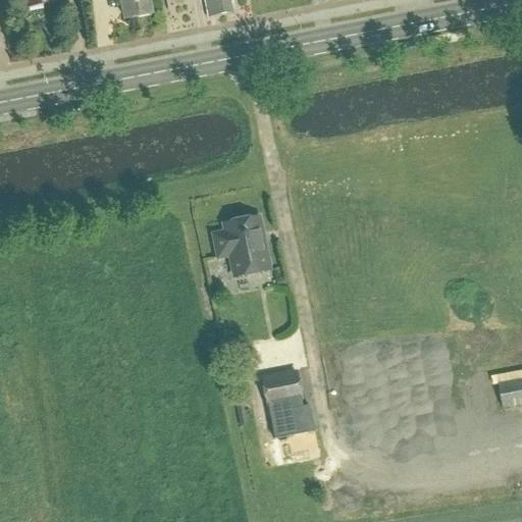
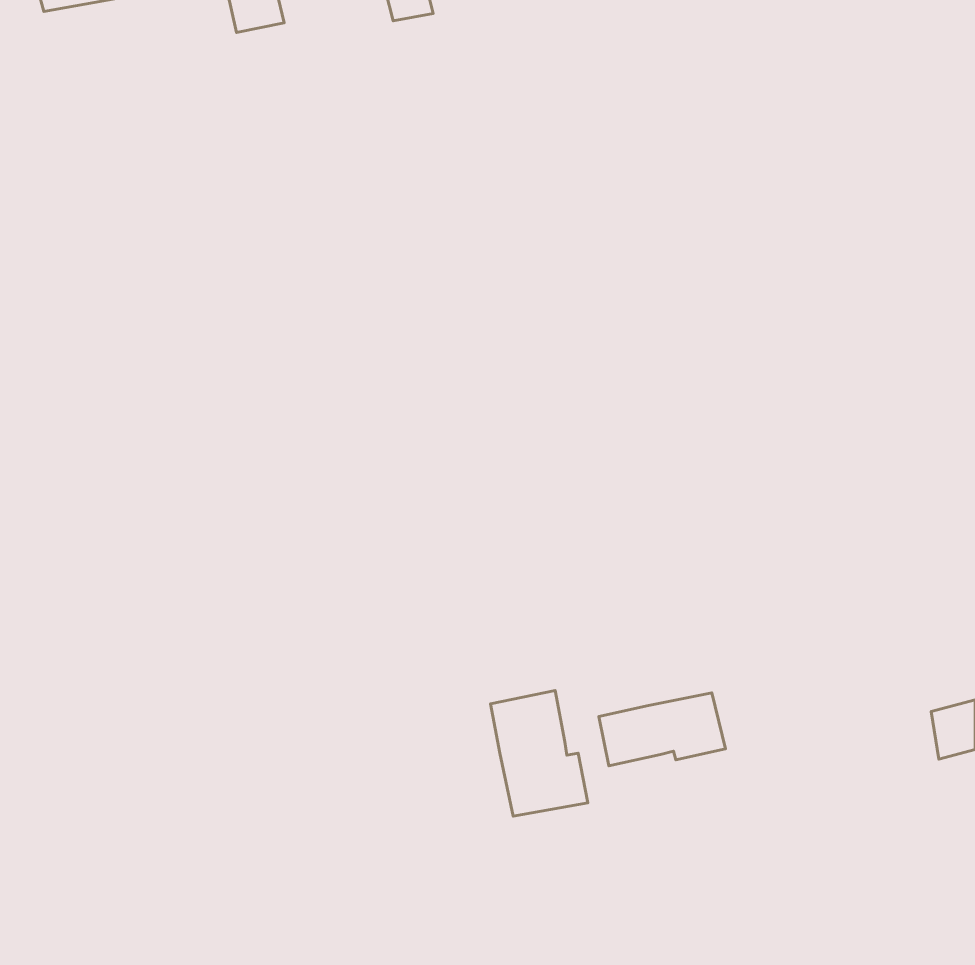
building: [214,215,269,274] -> none
building: none -> [599,693,725,766]

